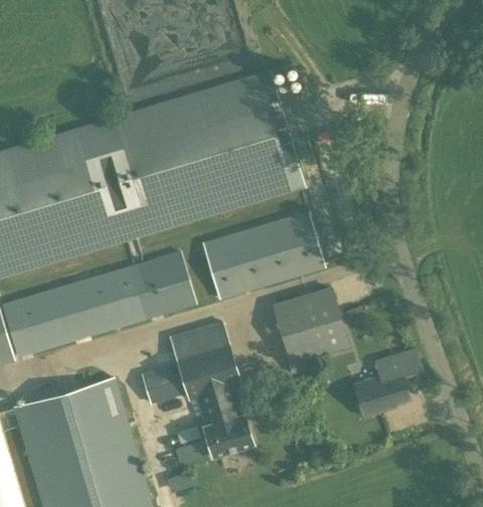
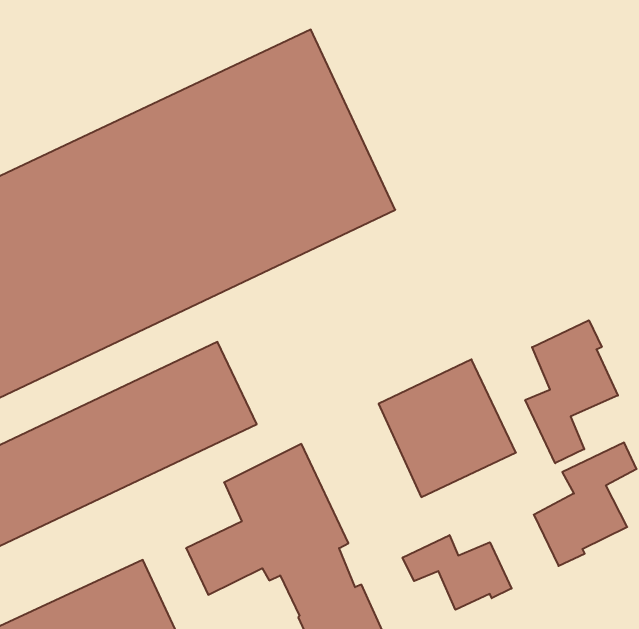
building: [201,212,324,300] -> none
building: none -> [525,320,618,463]
building: none -> [403,535,512,610]

